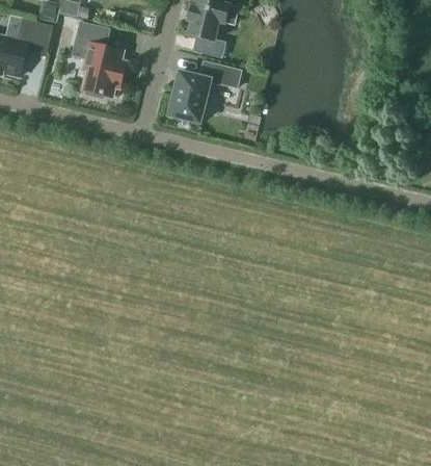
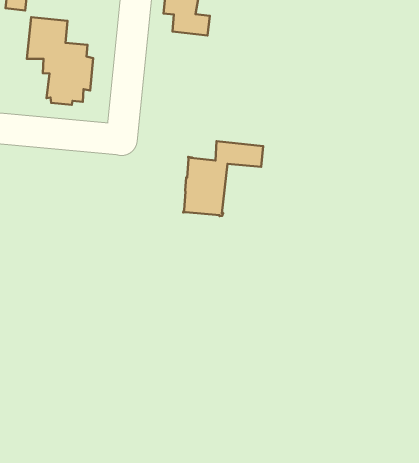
building: [168,60,241,122] -> [183,141,263,216]

